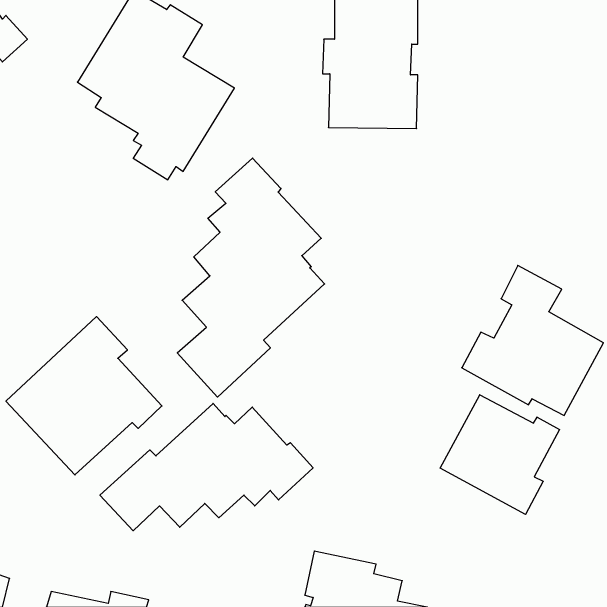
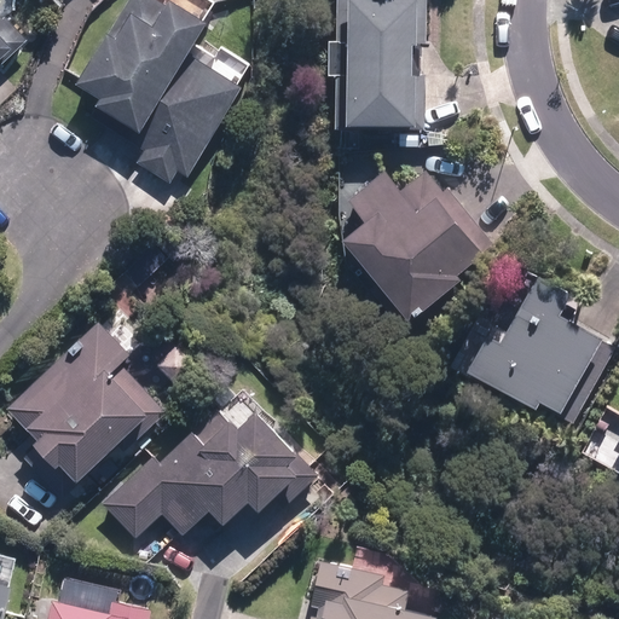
building: [177,158,325,397] -> none
building: none -> [342,170,490,323]
building: [440,395,560,514] -> none

